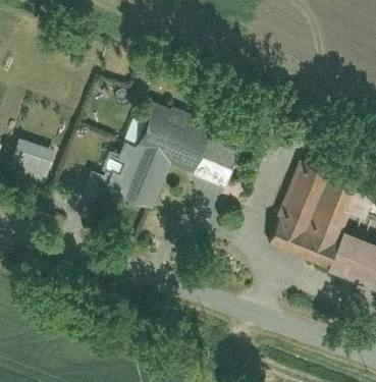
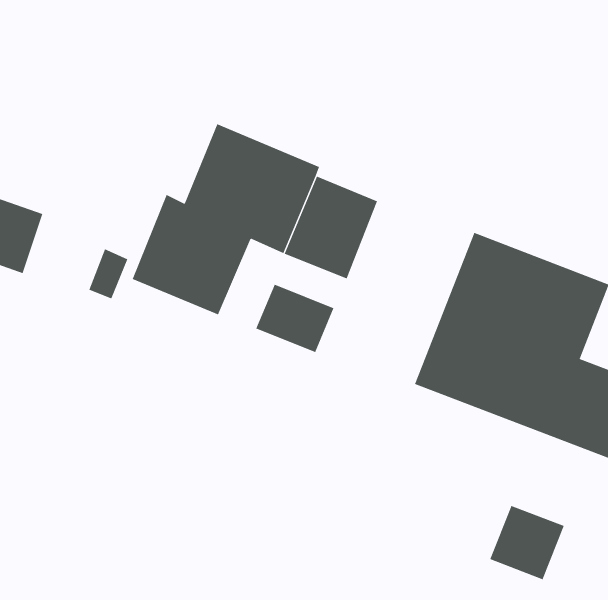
building: none -> [256,284,334,353]
building: none -> [489,505,564,580]

